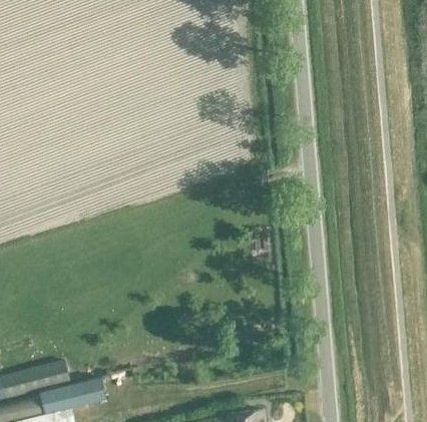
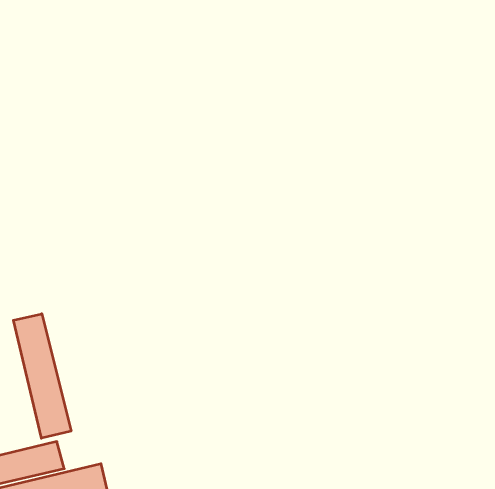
building: none -> [13,314,71,438]

